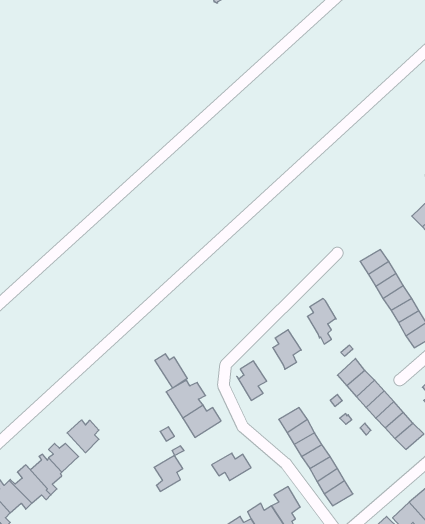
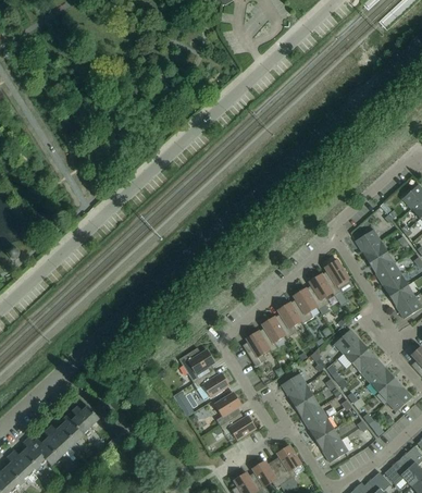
building: none -> [323,259,350,306]
building: none -> [289,287,316,323]
building: none -> [260,316,285,352]
building: [155,354,187,388] -> none
building: [67,420,99,453] -> none
building: [154,455,183,491] -> [214,392,240,424]

